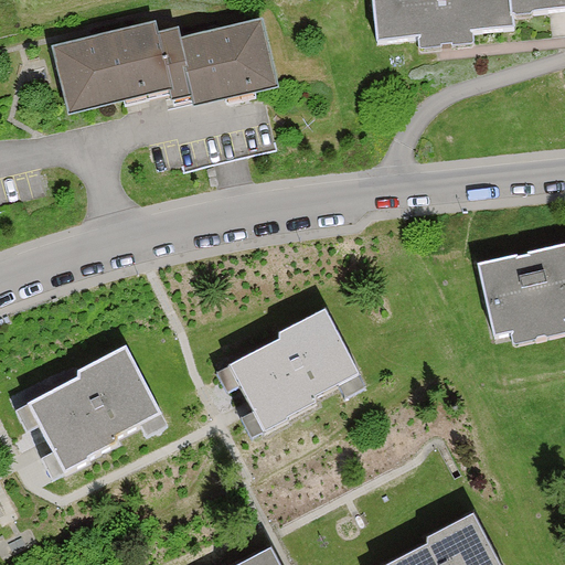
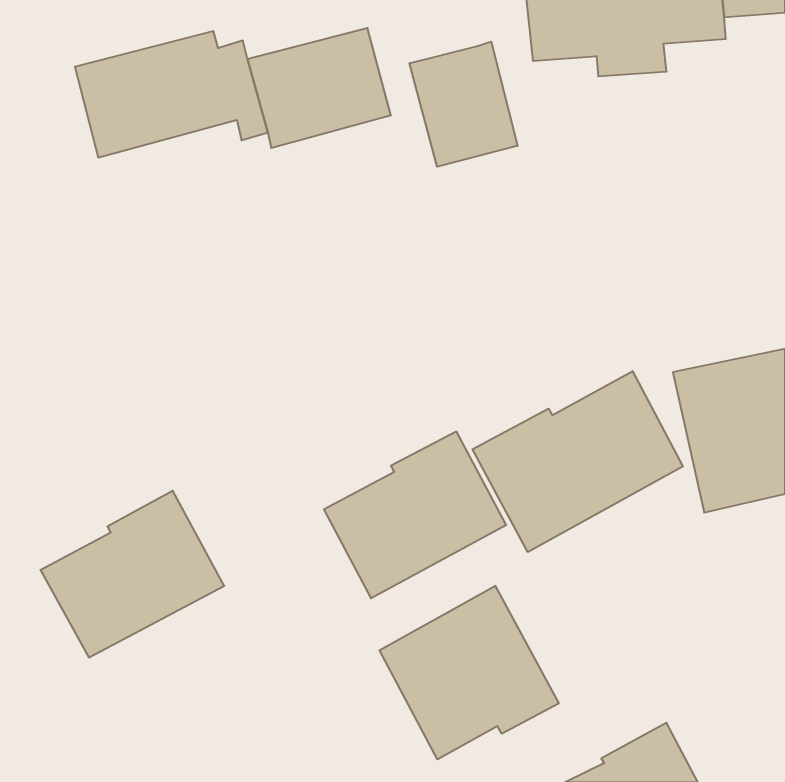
building: none -> [410,42,518,167]
building: none -> [472,371,683,552]
building: none -> [379,586,559,759]

